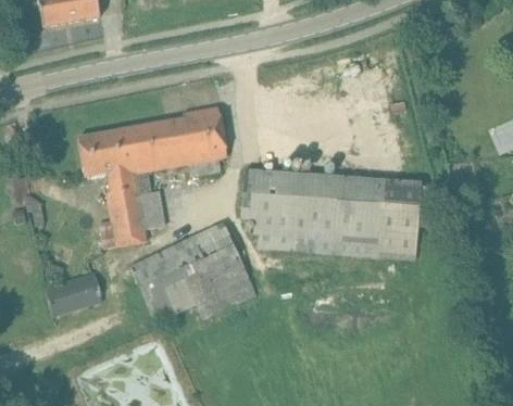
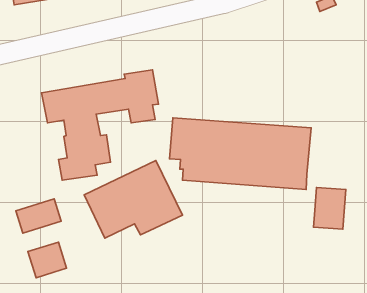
building: none -> [313,187,346,229]
building: none -> [28,242,67,278]

